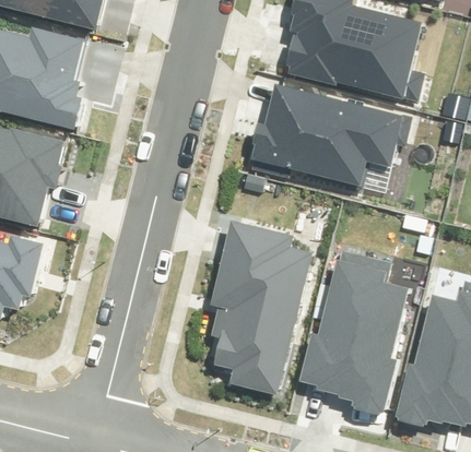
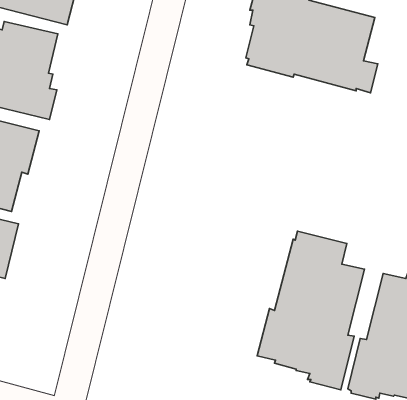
building: [249,82,413,188] -> none
building: [210,219,314,395] -> none

